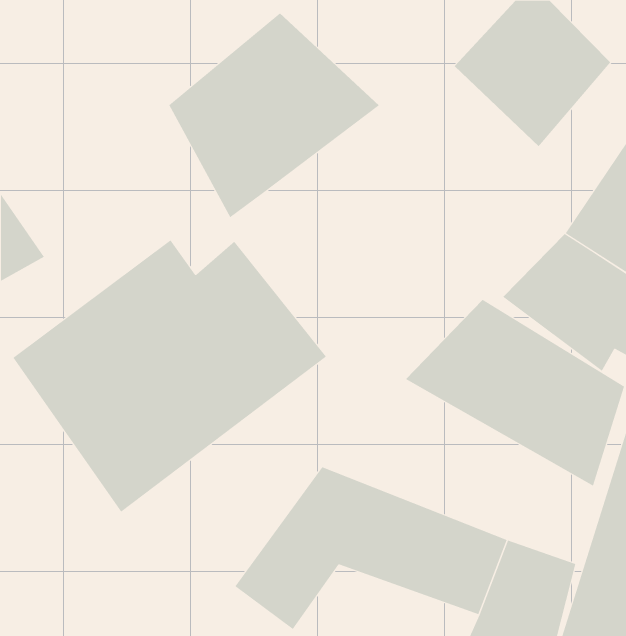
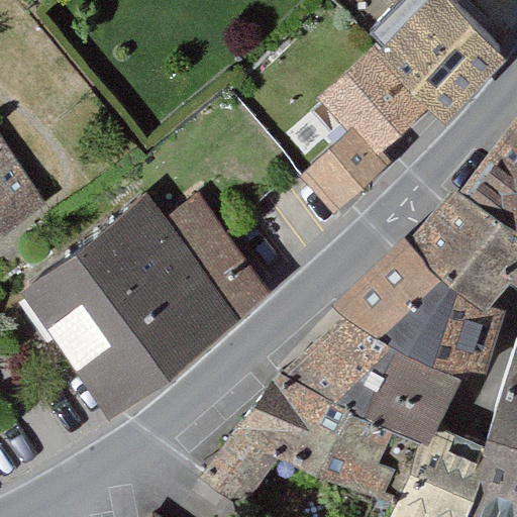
building: [169,12,380,218] -> none
building: none -> [304,61,433,212]
building: none -> [270,320,457,438]

